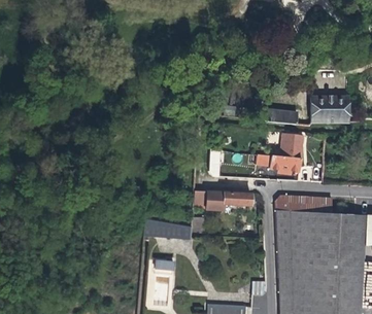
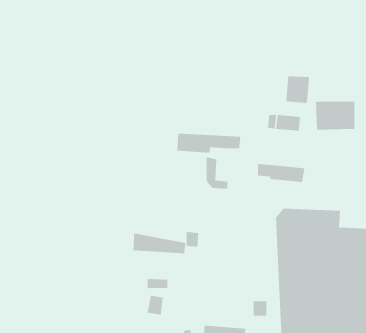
building: [281,132,304,158] -> [285,76,310,104]
building: [193,190,252,209] -> [176,133,241,153]

